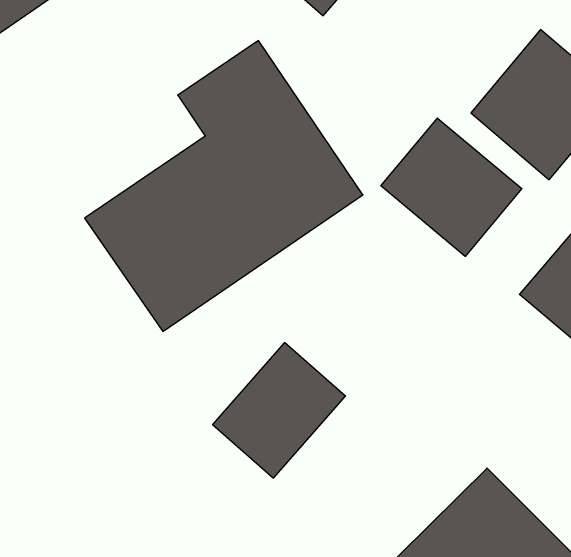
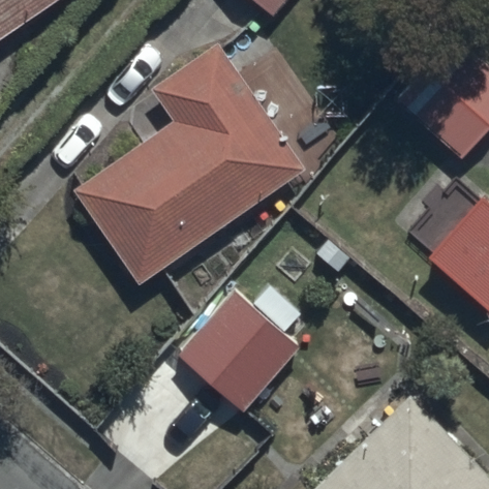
building: [381,118,522,256] -> none

